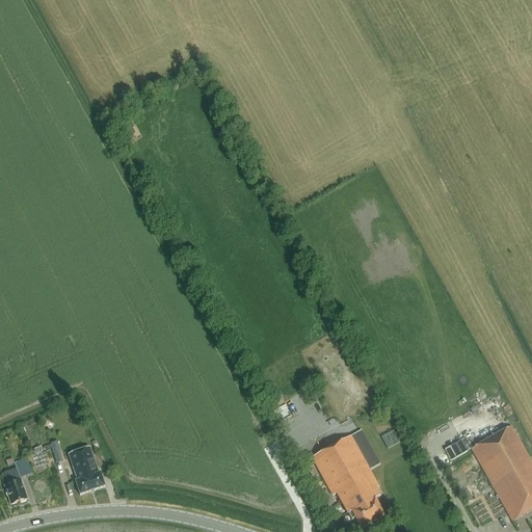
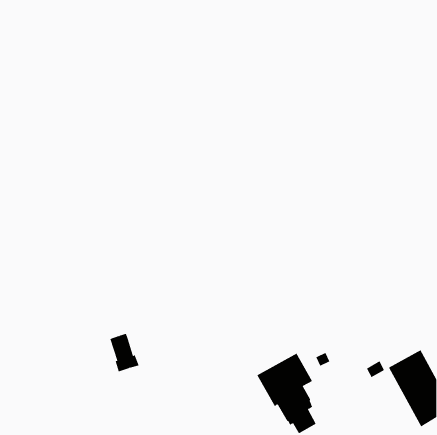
building: [70,446,106,494] -> [110,333,139,372]
building: [5,456,33,503] -> none

